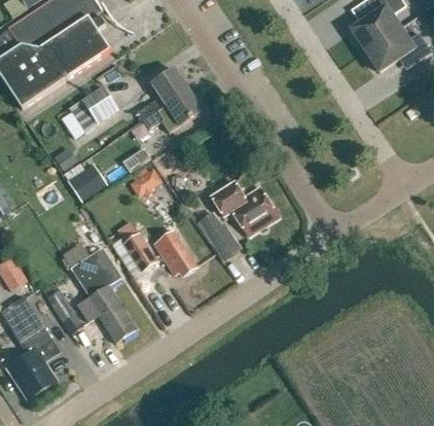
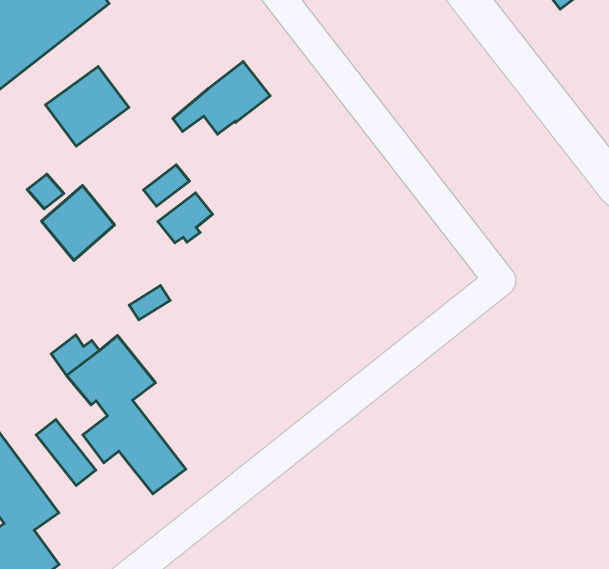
building: [138,69,188,120] -> none
building: [209,180,277,236] -> none
building: [207,220,243,259] -> none
building: [154,230,197,276] -> none
building: [126,233,160,270] -> none

